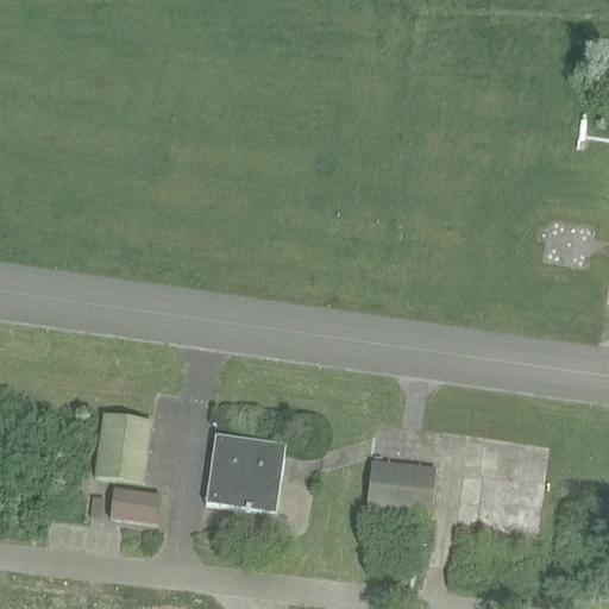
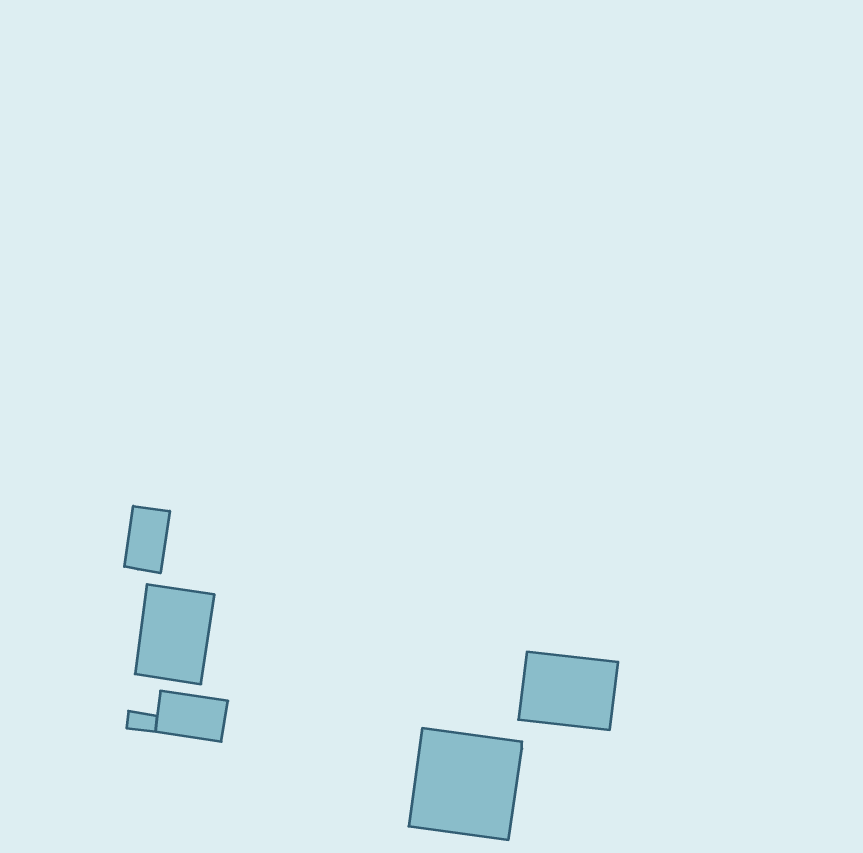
building: none -> [124,506,170,573]
building: [205,433,284,511] -> [409,728,522,840]

